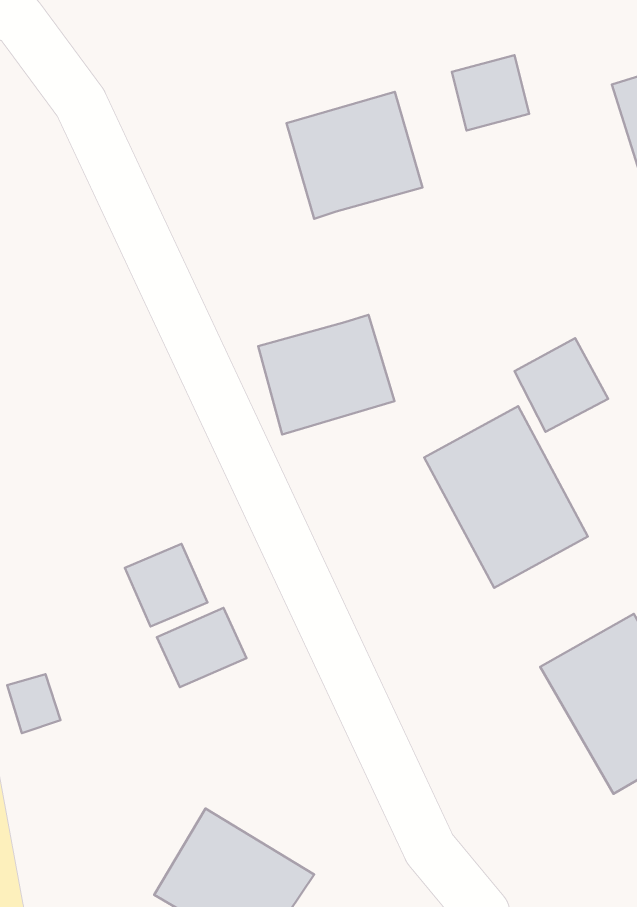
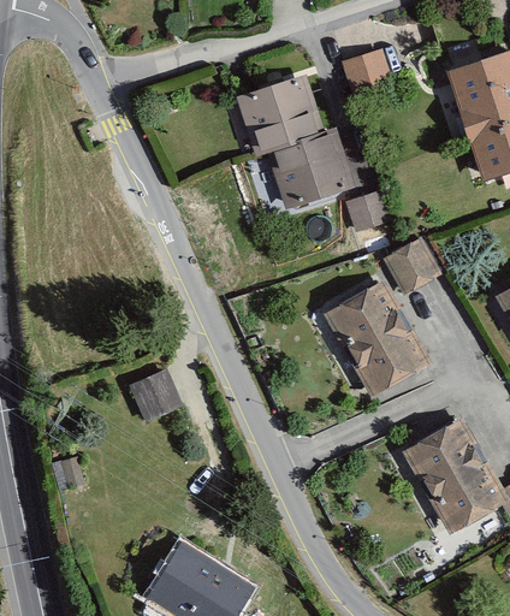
building: none -> [346,191,392,232]
building: [258,315,394,434] -> [267,132,356,211]
building: [157,608,246,687] -> none

